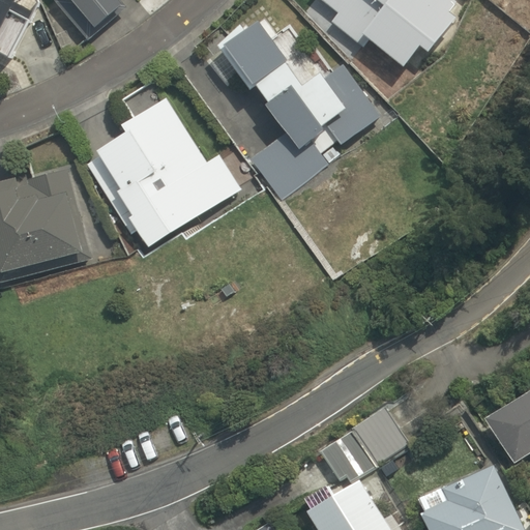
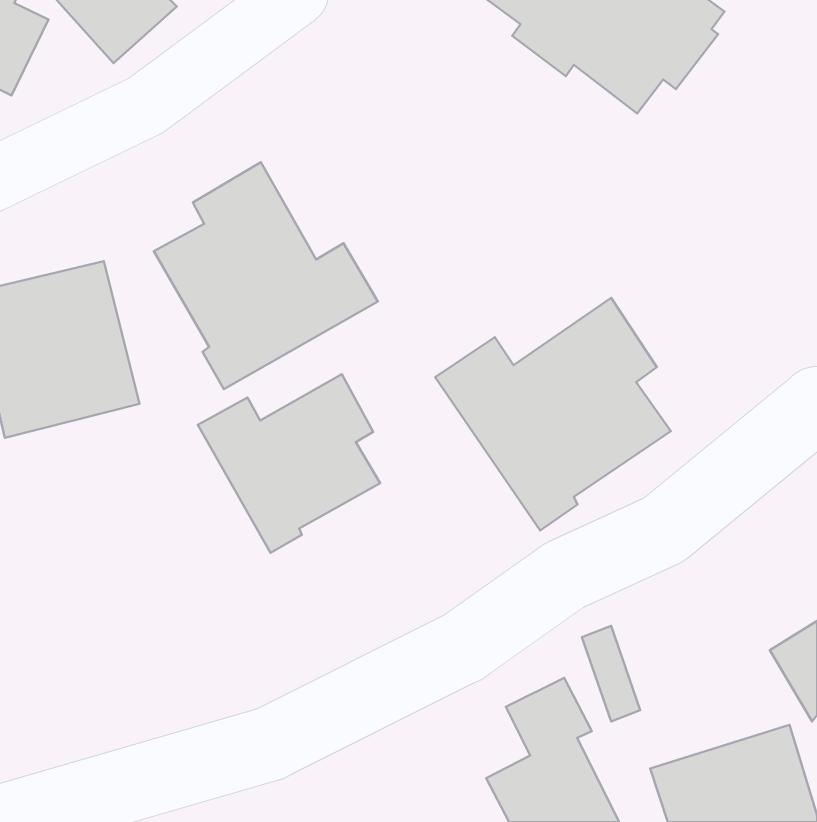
building: [227,32,376,196] -> none
building: none -> [435,298,671,530]
building: none -> [198,374,380,553]

